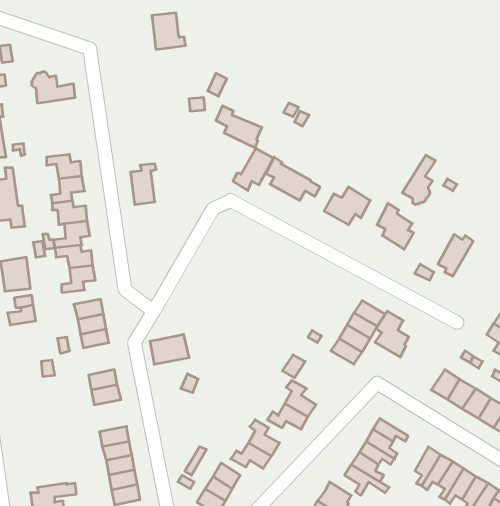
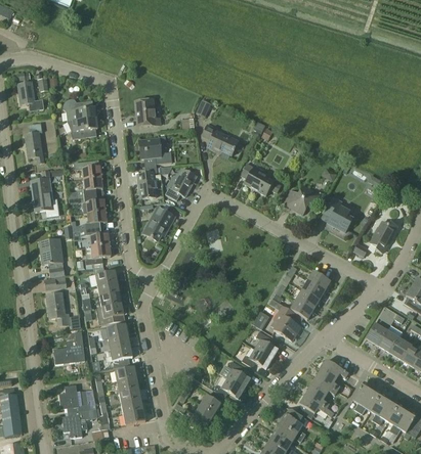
building: [152,13,186,49] -> [135,99,161,127]
building: none -> [68,118,98,139]
building: none -> [139,136,172,164]
building: [233,149,274,191] -> [166,169,197,200]
building: [402,155,435,205] -> none
building: none -> [143,207,175,240]
building: [375,311,409,357] -> [273,306,299,340]
building: none -> [47,292,70,326]
building: [150,334,189,364] -> [96,303,126,325]
building: none -> [54,331,86,364]
building: none -> [104,346,133,367]
building: none -> [59,384,90,412]

